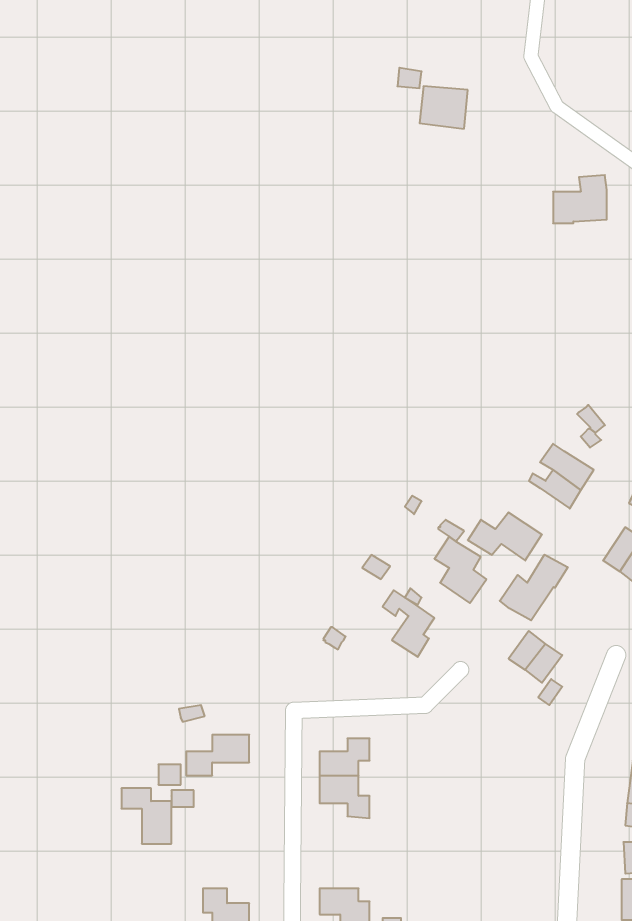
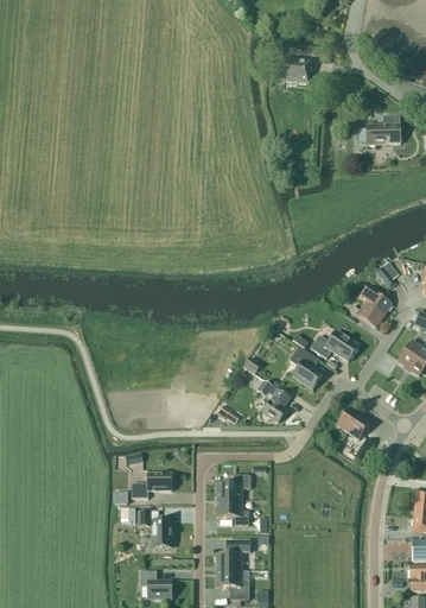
building: [500,555,568,620] -> none
building: [121,788,171,844] -> [139,512,171,547]
building: none -> [216,545,248,571]

